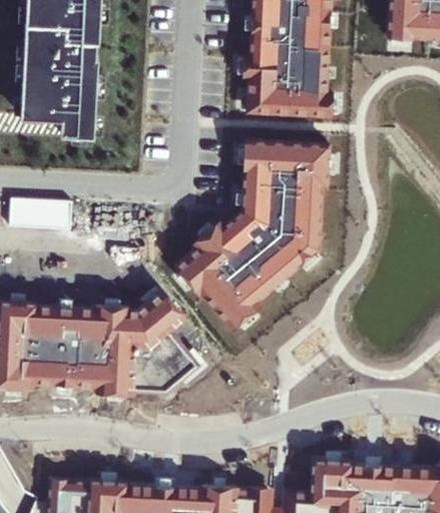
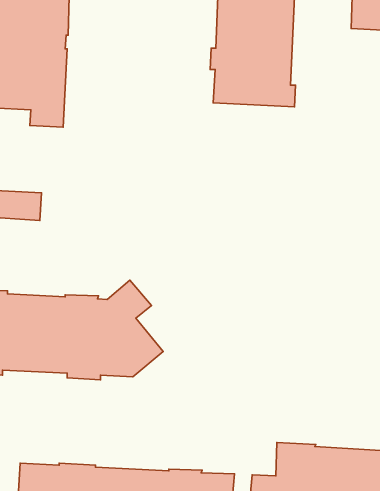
building: [176,138,328,326] -> none

